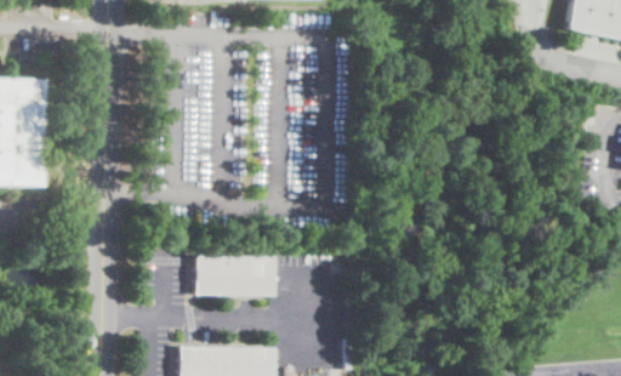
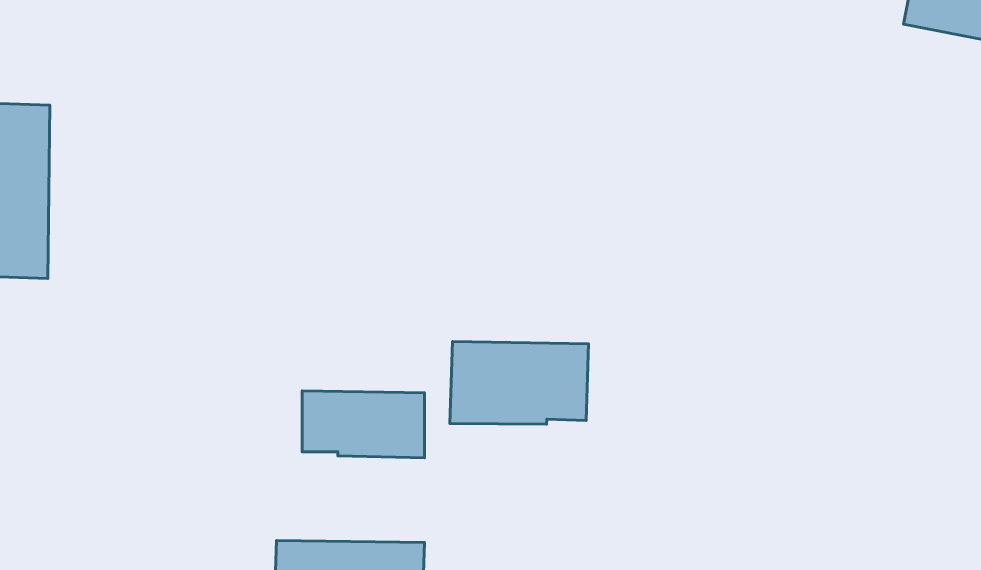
building: none -> [450,342,588,424]

